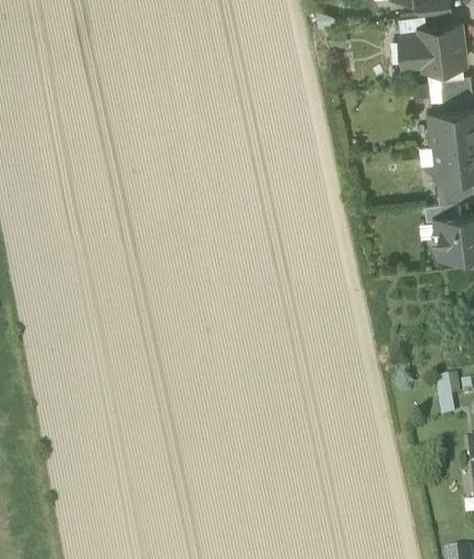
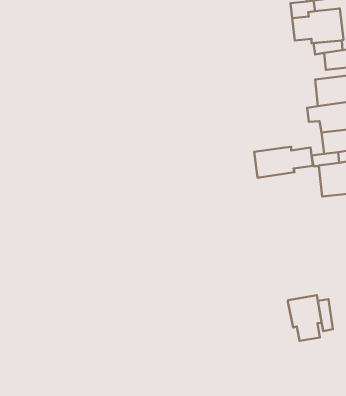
building: none -> [254,147,313,178]
building: none -> [288,295,322,341]

